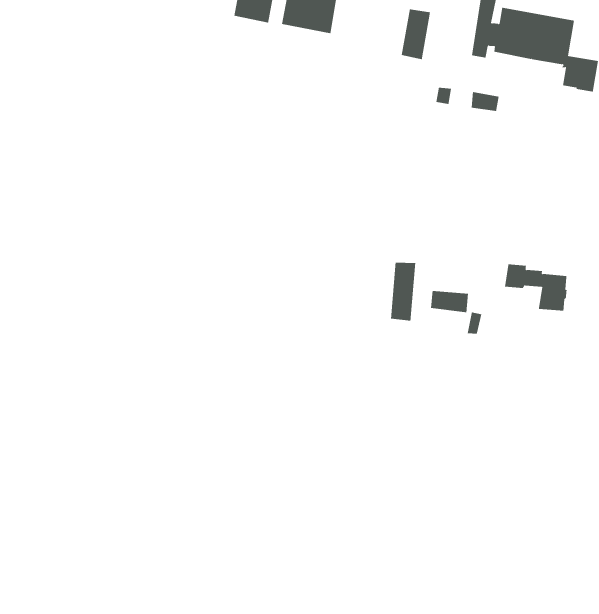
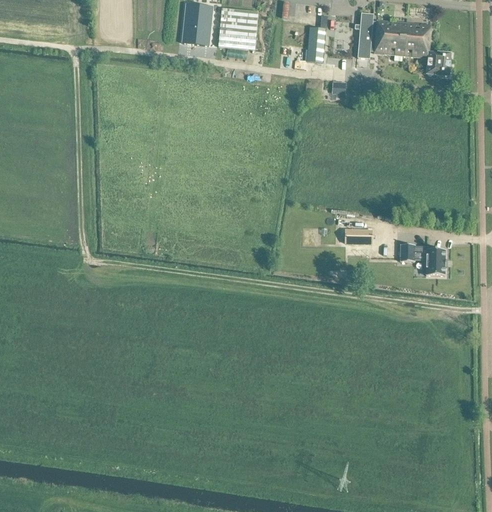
building: [390,262,416,321] -> none
building: [504,264,567,311] -> [399,244,445,275]

